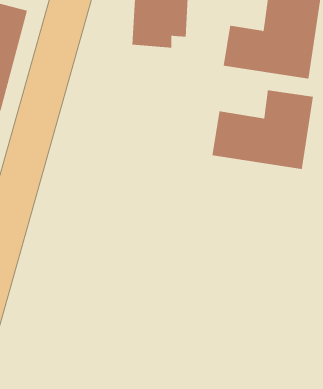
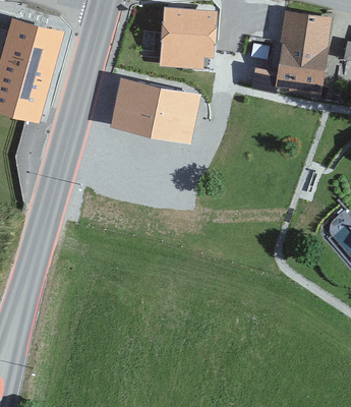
building: none -> [112,84,195,139]
building: [212,90,313,170] -> none

